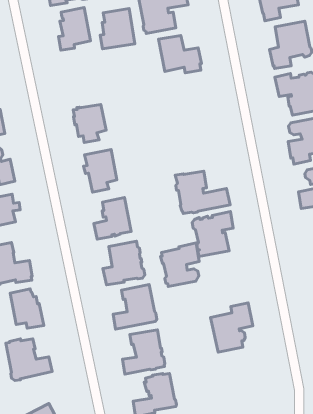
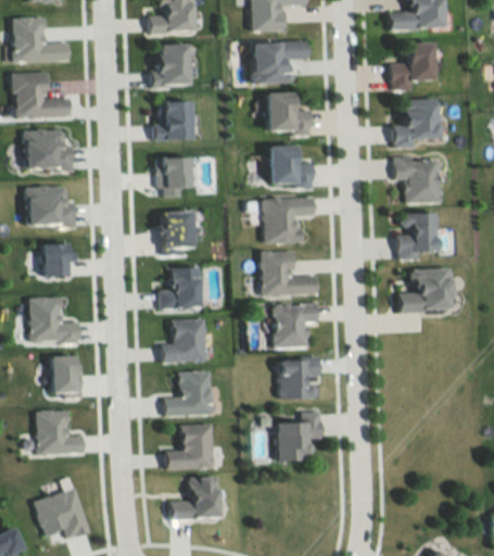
building: [100,9,135,49] -> [154,99,192,140]
building: none -> [269,146,313,190]
building: none -> [262,197,315,244]
building: [160,243,199,286] -> [277,355,320,400]

